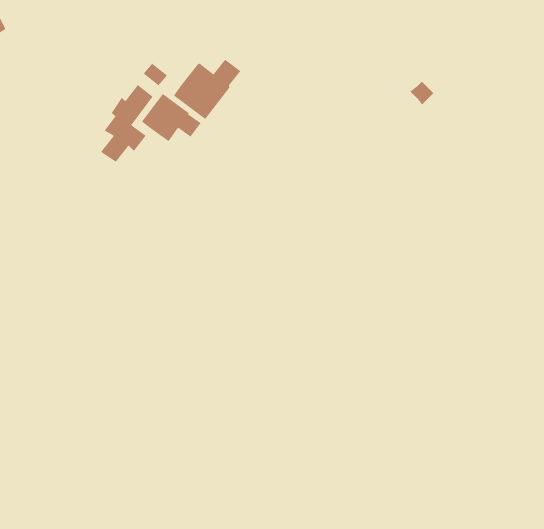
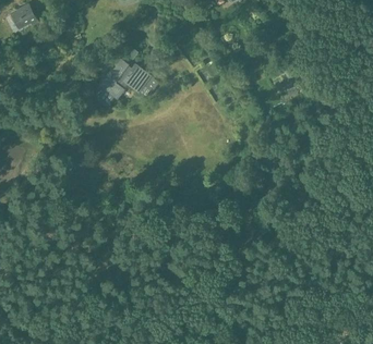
building: [173,59,241,120] -> none

